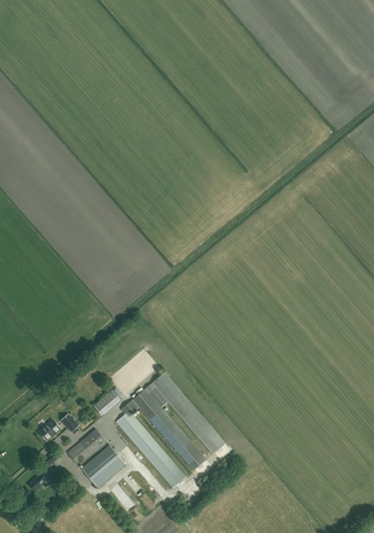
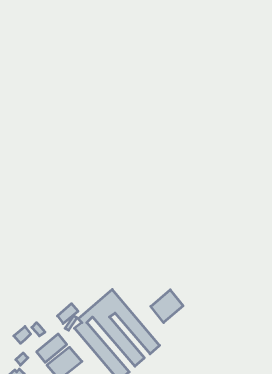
building: none -> [151,290,183,323]

